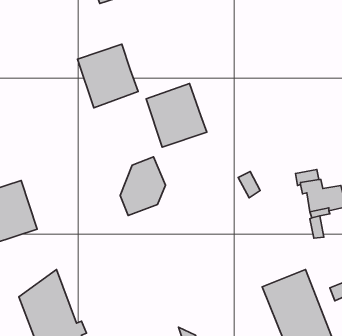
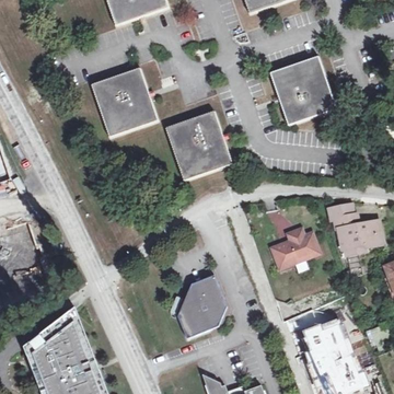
building: none -> [270,56,336,126]
building: [120,157,166,216] -> [177,276,227,339]
building: none -> [270,231,320,269]

